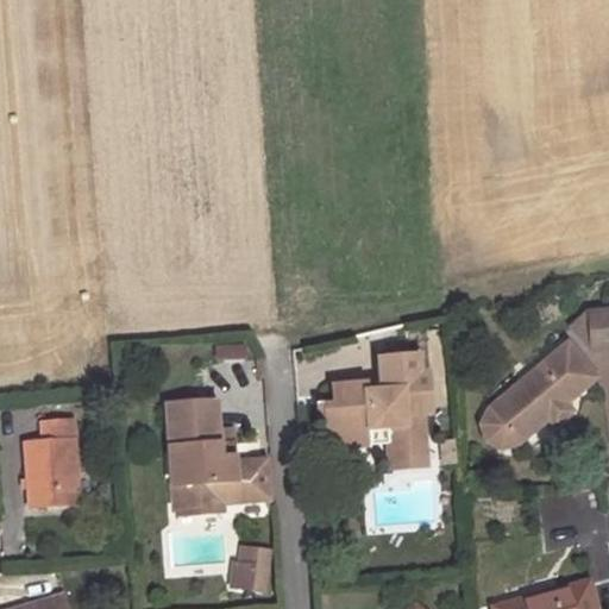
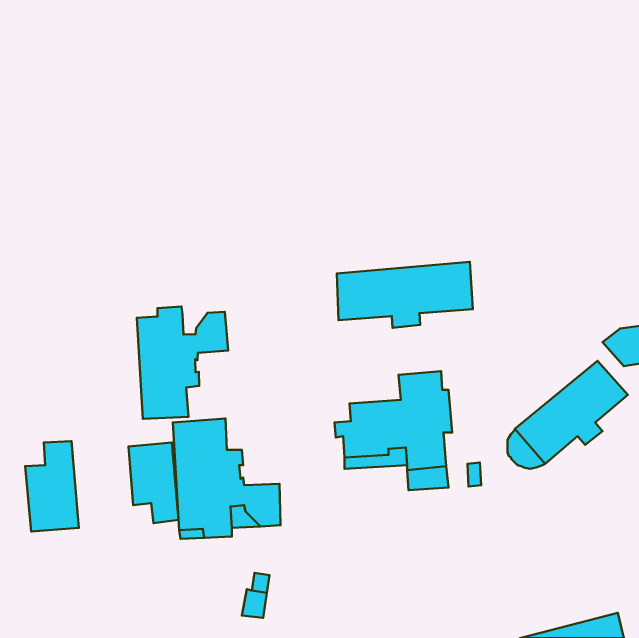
building: none -> [337,262,473,328]
building: none -> [137,306,228,419]
building: none -> [129,442,179,523]

